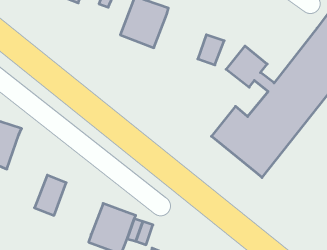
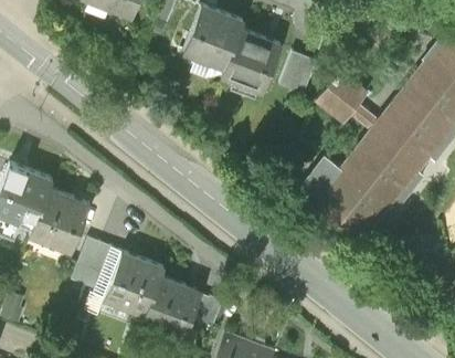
building: none -> [221,30,282,96]
building: none -> [32,185,93,253]
building: none -> [100,249,162,313]

